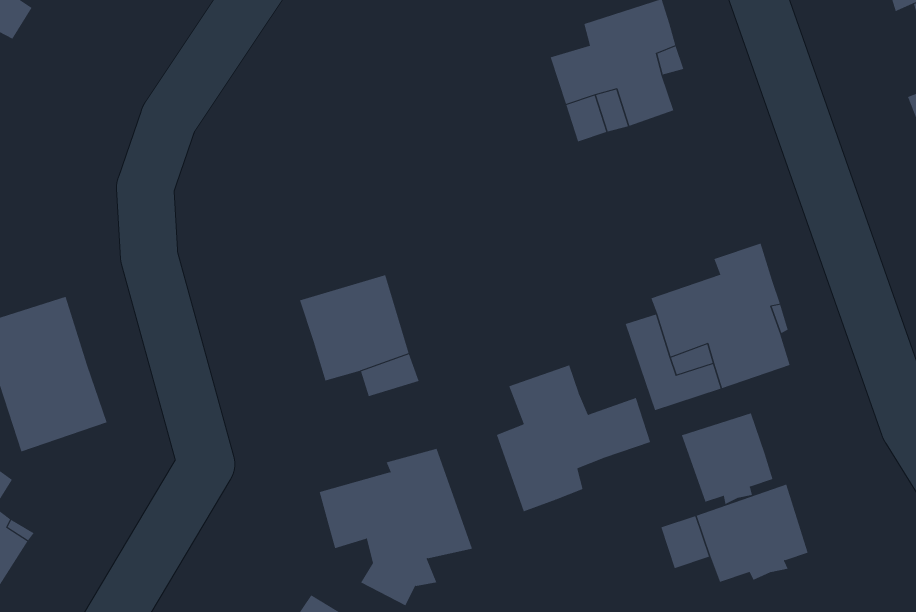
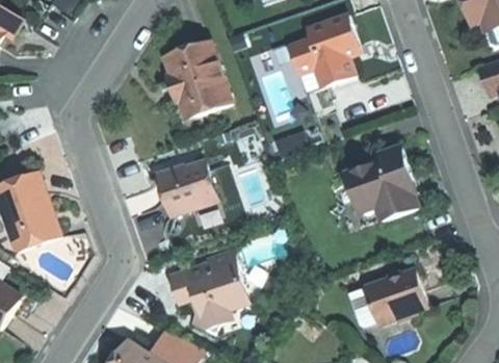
building: none -> [166,41,231,118]
building: [496,365,651,512] -> none
building: [681,412,773,505] -> none

